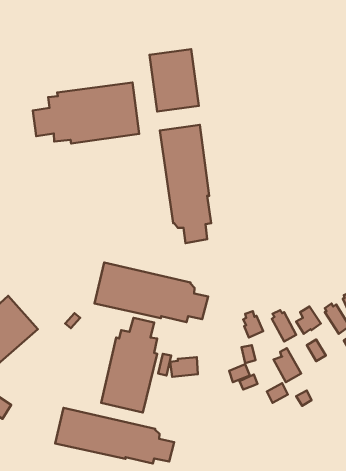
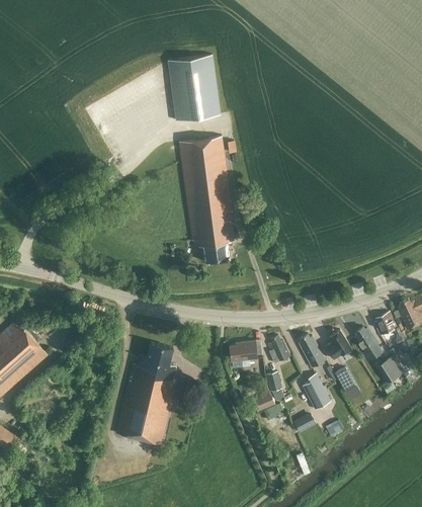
building: [33,82,139,143] -> none
building: [95,262,208,322] -> none
building: [170,357,198,377] -> [229,341,258,362]
building: [55,408,174,463] -> none

